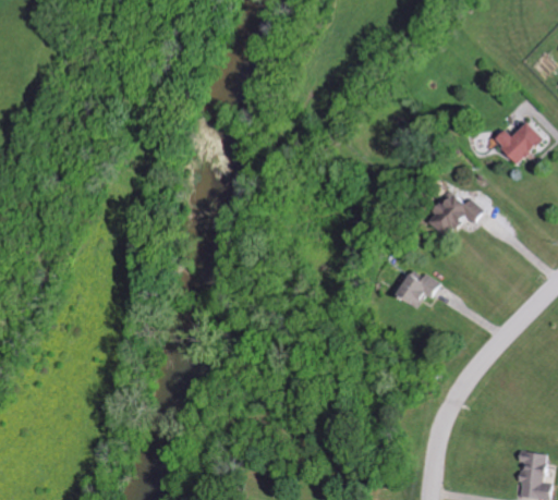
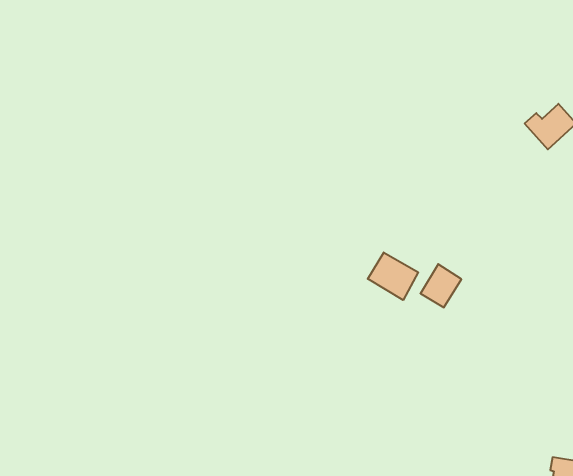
building: [426,191,481,236] -> none
building: none -> [368,252,418,300]

